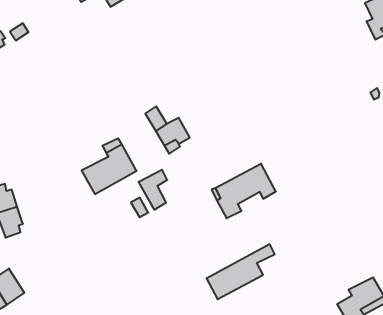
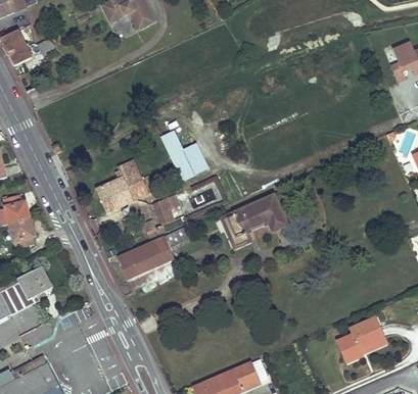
building: [206,244,275,299] -> [118,229,187,279]
building: none -> [16,266,52,304]

